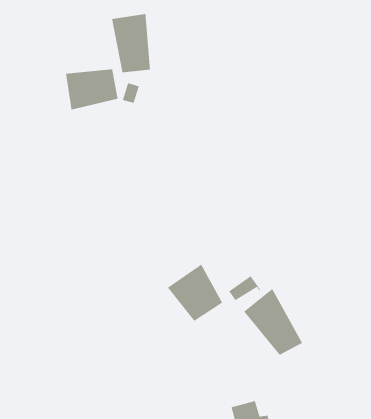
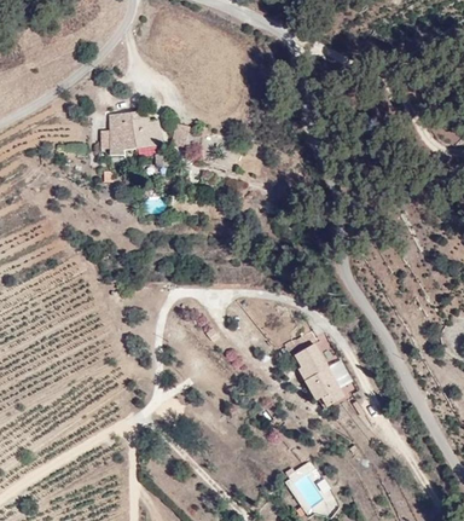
building: [111,13,151,73] -> none
building: [167,263,223,322] -> none

